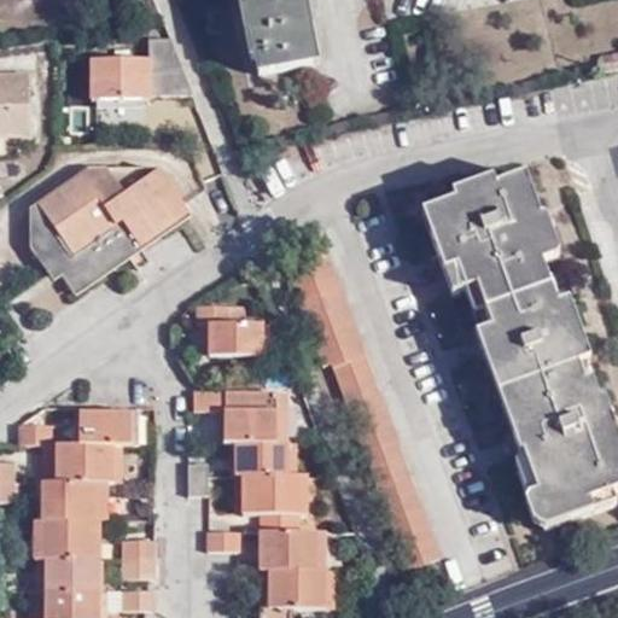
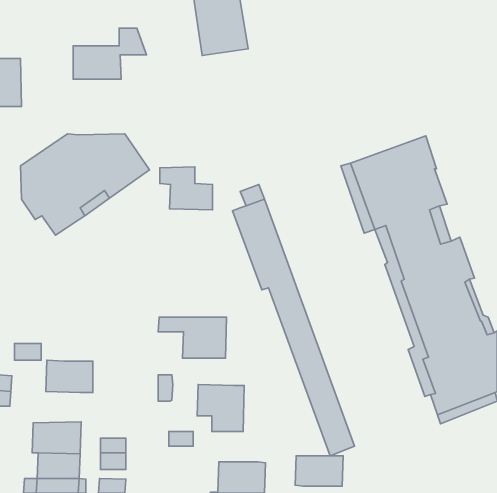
building: [199,303,264,356] -> [160,167,212,210]
building: [80,414,139,447] -> none
building: [238,443,290,477] -> none
building: [41,484,100,523] -> none
building: [261,534,320,571] -> [295,456,343,486]

